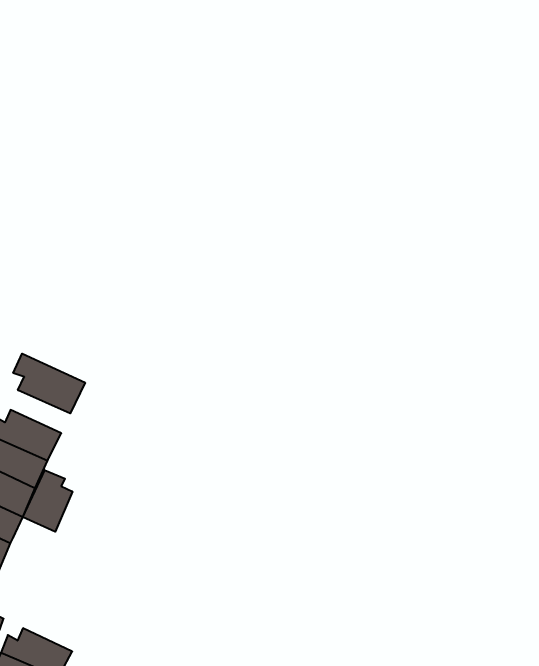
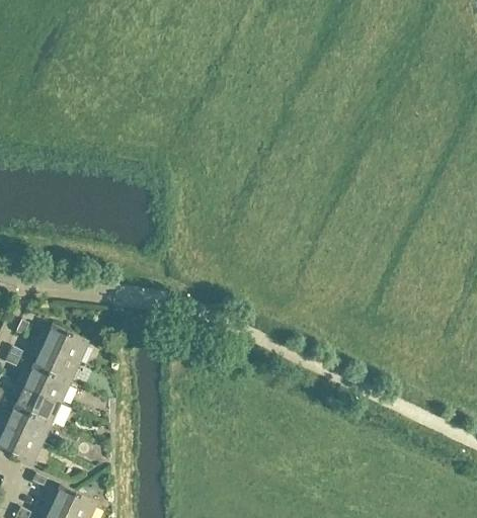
building: [13,354,85,413] -> none
building: [23,470,72,532] -> none

